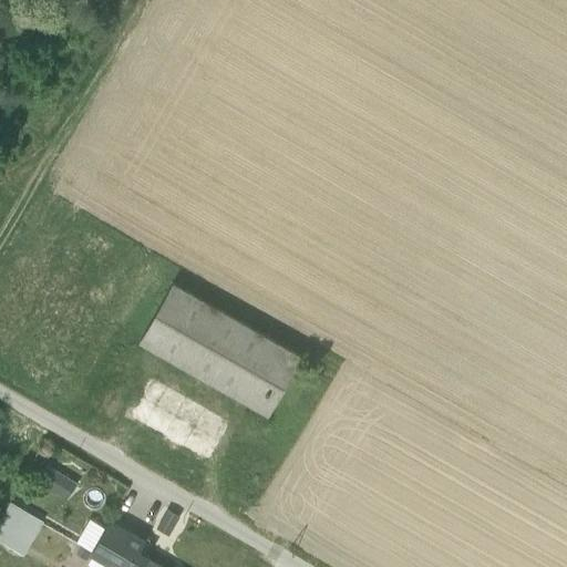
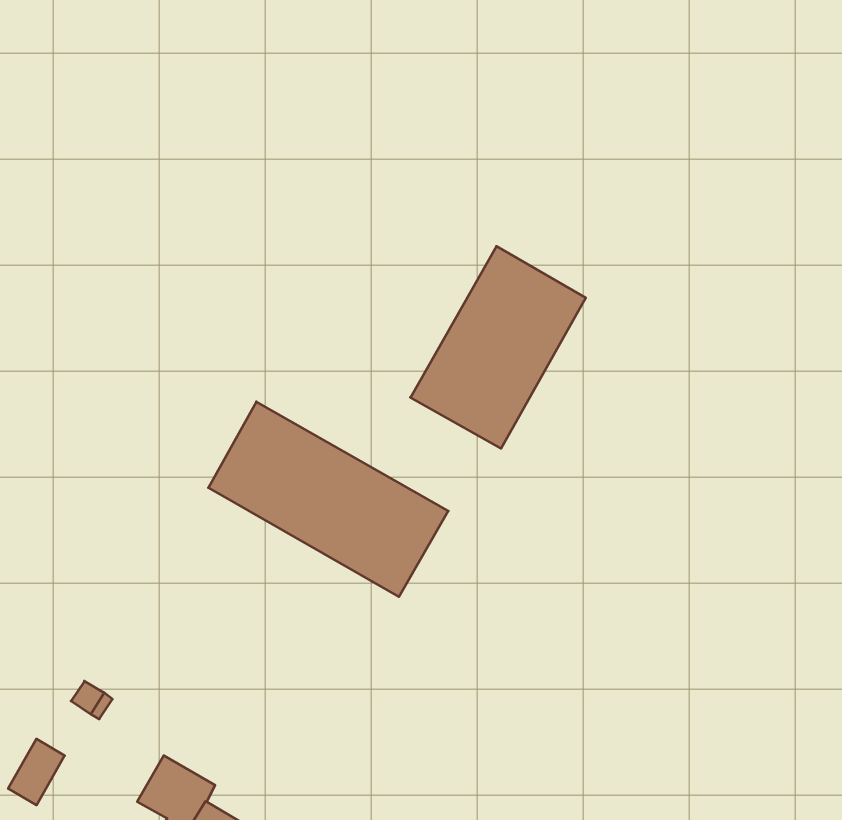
building: none -> [410,246,586,448]

